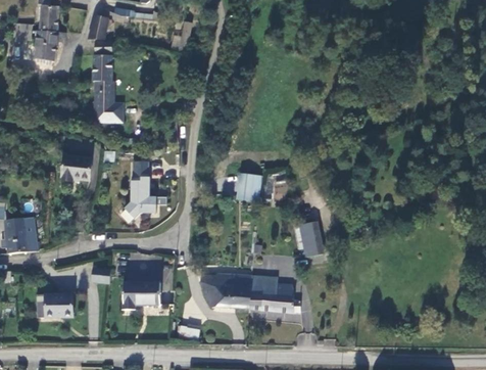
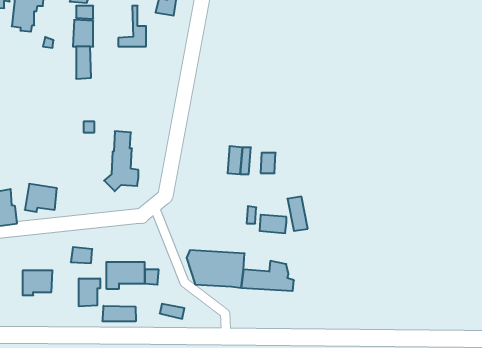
building: [95,80,122,119] -> [118,6,146,46]
building: [60,154,91,181] -> [25,184,57,212]
building: [254,277,280,294] -> [260,215,286,233]
building: none -> [79,278,100,306]
building: none -> [103,306,136,321]

